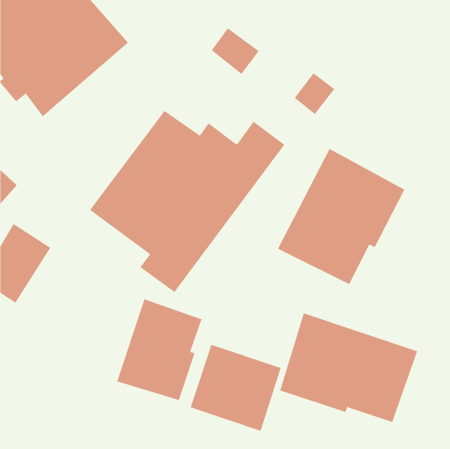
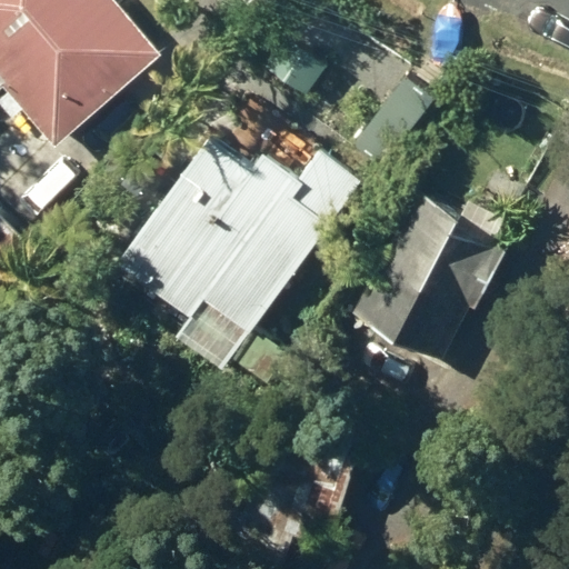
building: [117,299,202,401] -> none
building: [280,313,418,423] -> none

